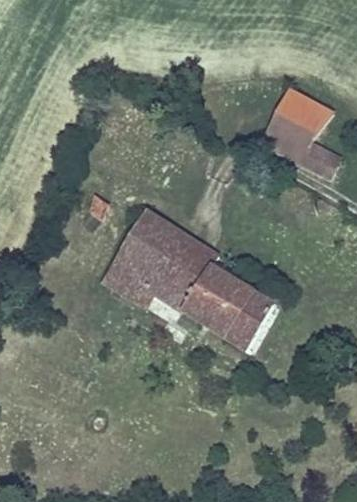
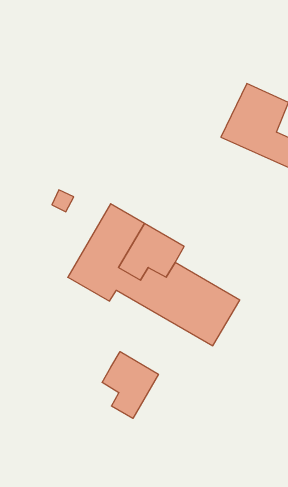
building: none -> [102,352,158,418]

